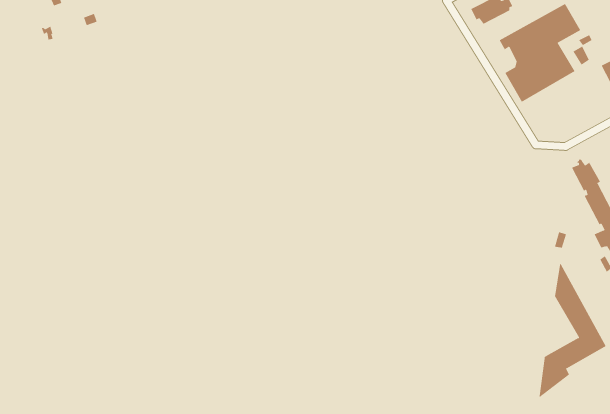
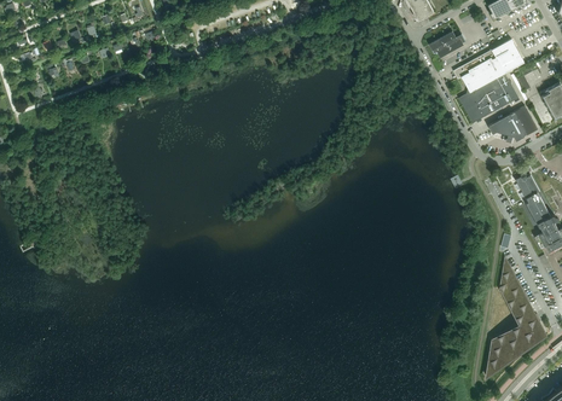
building: none -> [489,106,539,141]

